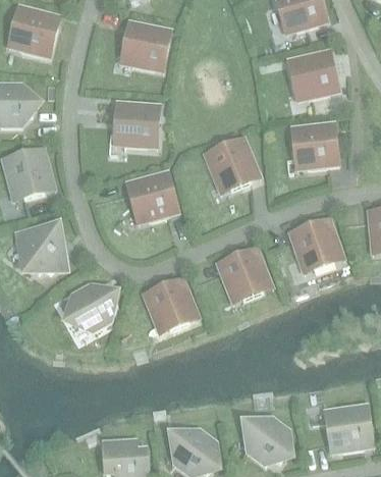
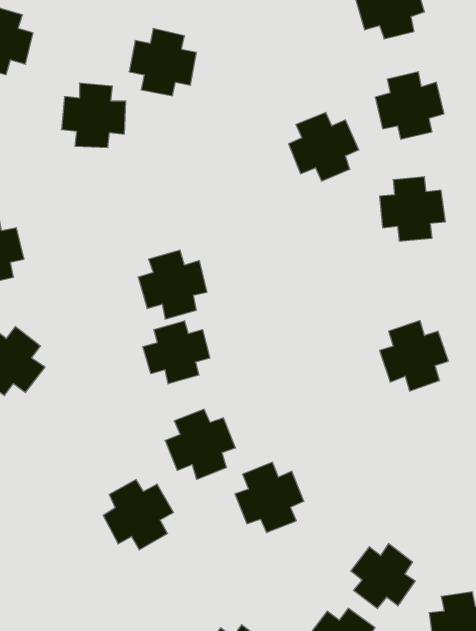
building: [114,102,158,146] -> [61,83,126,148]
building: [208,142,256,189] -> [288,112,359,181]
building: none -> [143,321,210,384]
building: [221,251,268,299] -> [235,462,304,533]
building: [67,283,115,331] -> [103,480,174,550]
building: none -> [351,543,415,609]

